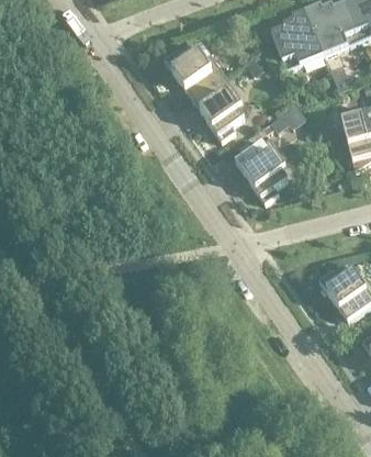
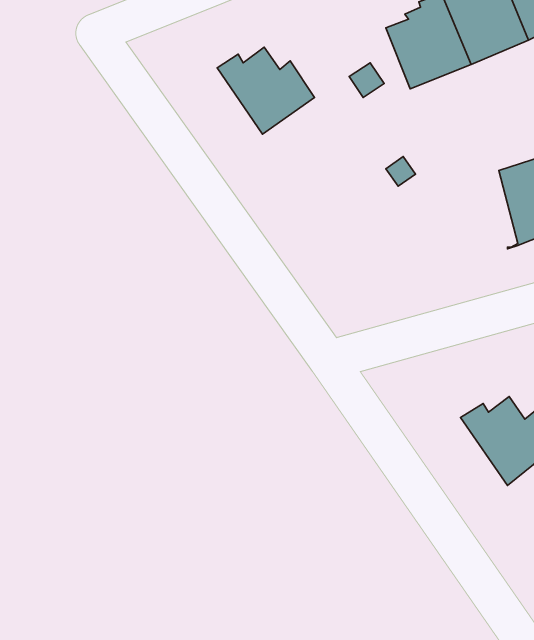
building: [192,75,244,140] -> none
building: [235,135,286,201] -> none

